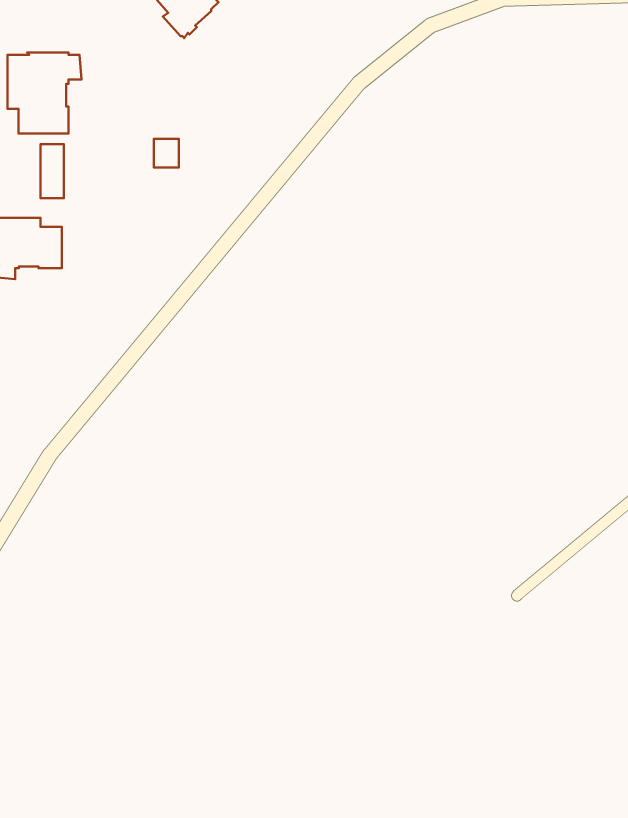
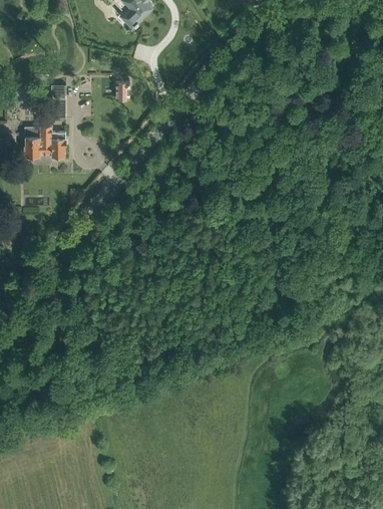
building: [8,53,82,134] -> none

